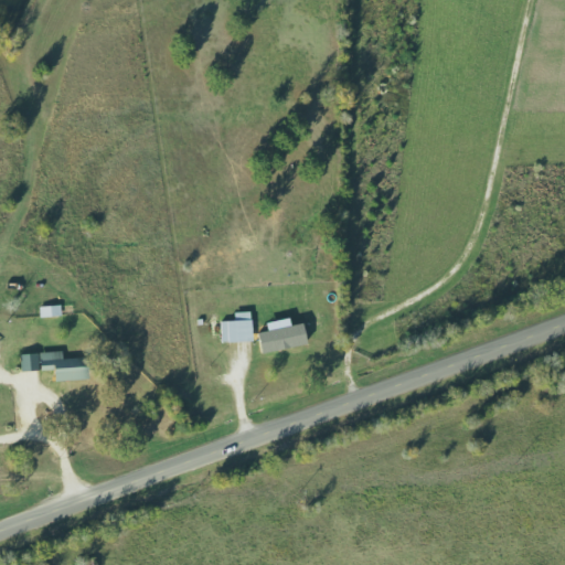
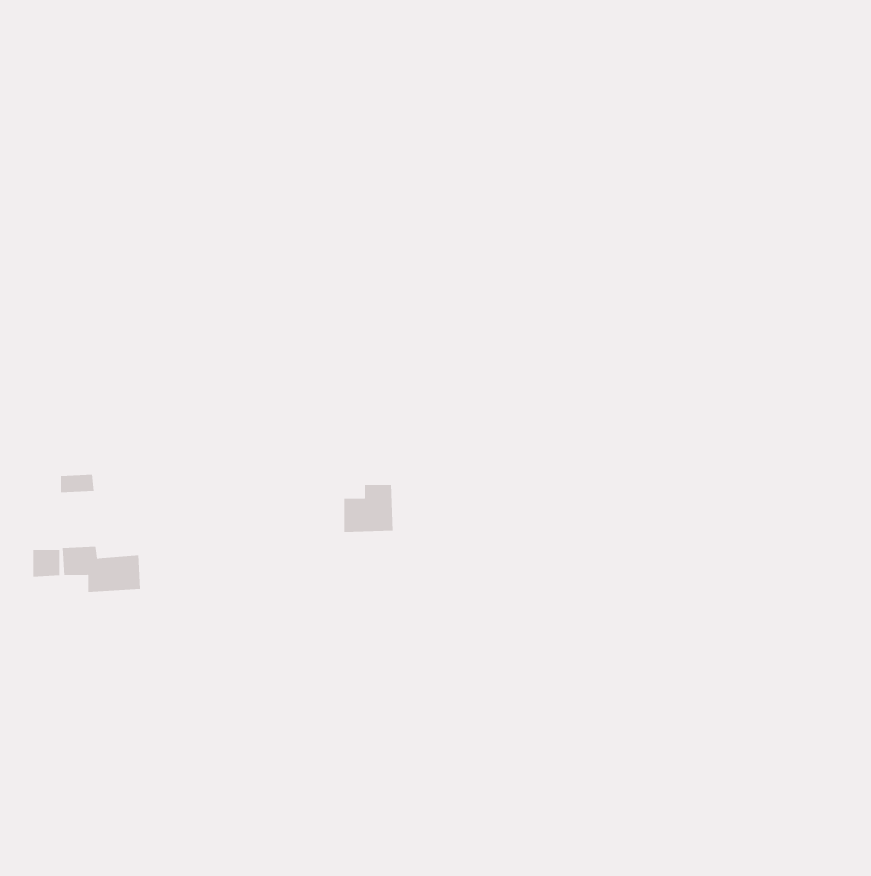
building: [258,317,309,354] -> none

